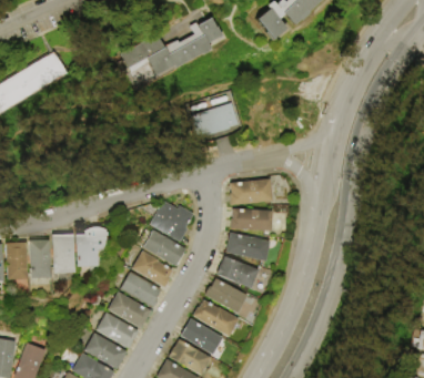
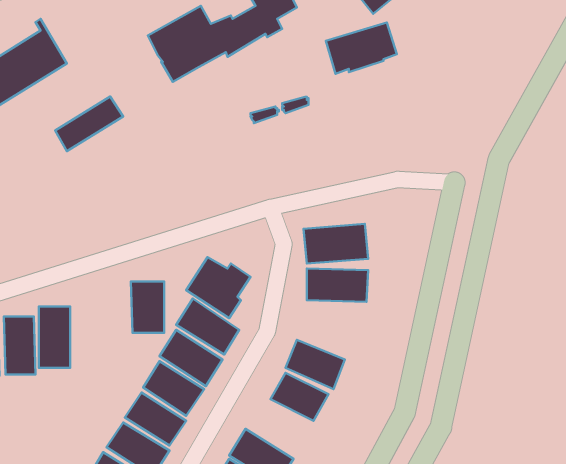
building: none -> [55,97,123,151]
building: [194,102,242,136] -> [326,23,397,74]
building: [225,233,269,263] -> none
building: [74,235,97,269] -> [131,281,164,333]
building: [192,297,236,335] -> none

